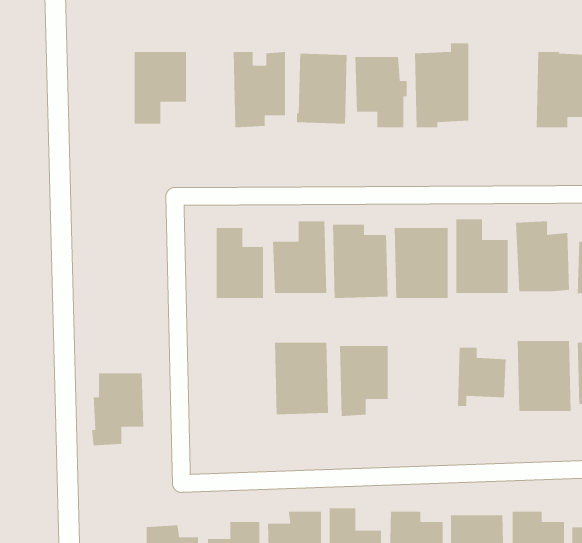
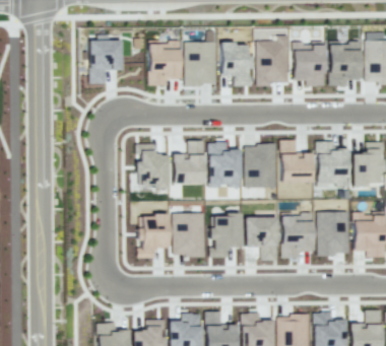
building: none -> [294,43,326,87]
building: none -> [246,217,277,262]
building: [91,373,144,446] -> [138,215,170,259]

